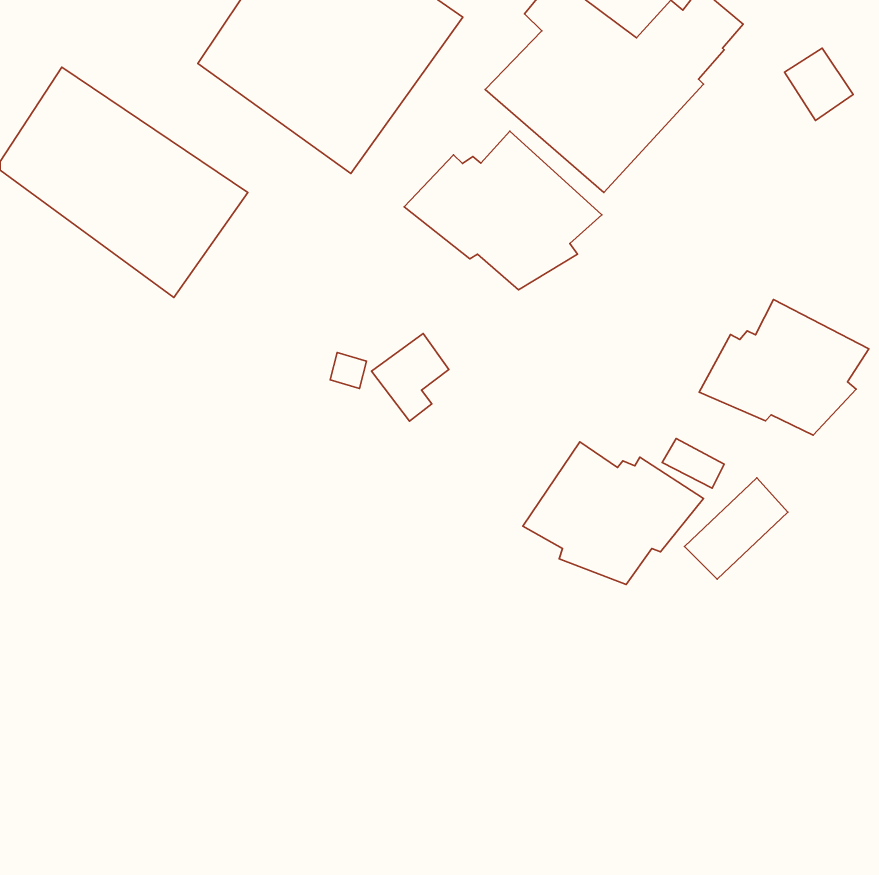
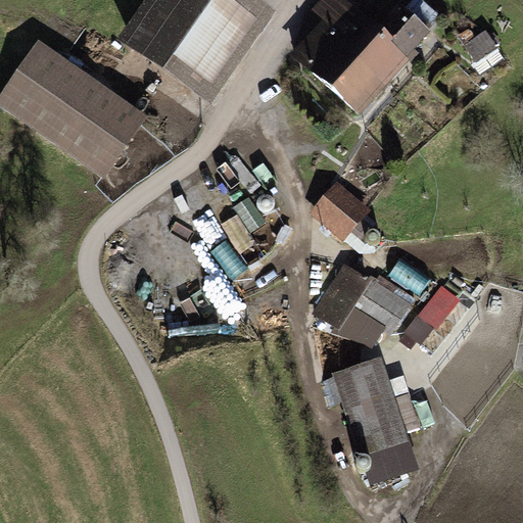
building: [404,131,602,290] -> none
building: [699,299,869,435] -> none
building: none -> [306,181,368,242]
building: none -> [332,355,420,483]

